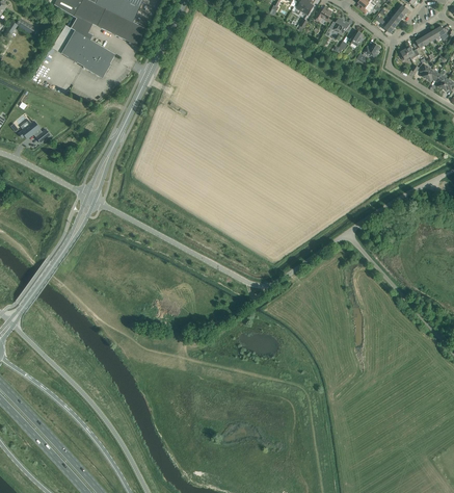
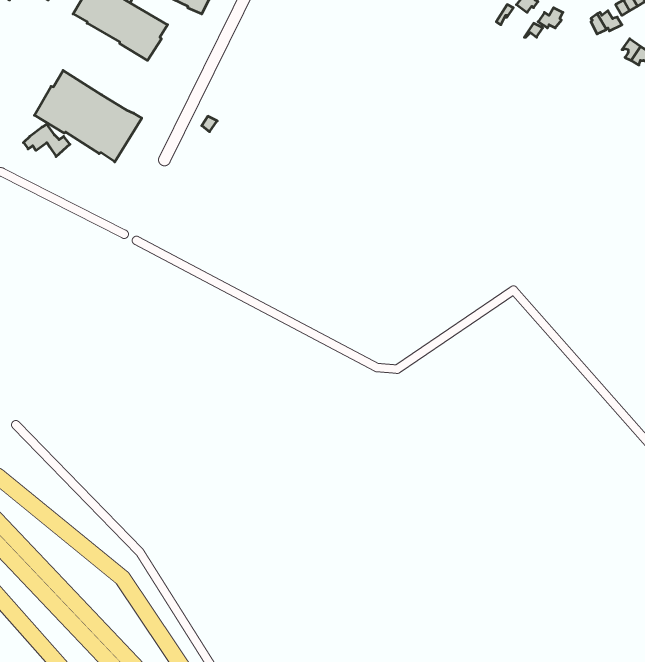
building: none -> [34,70,142,162]

